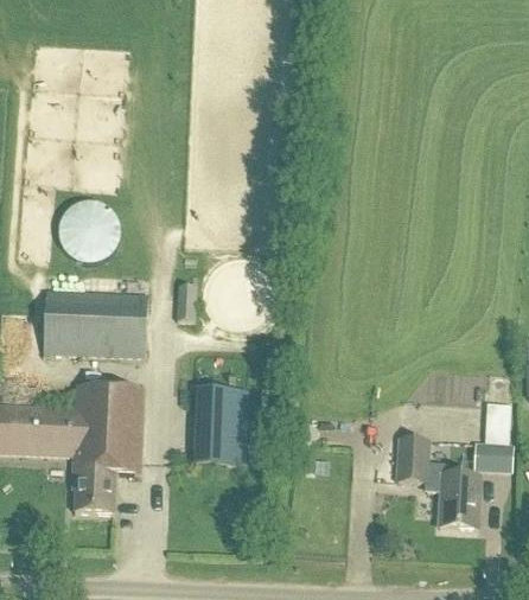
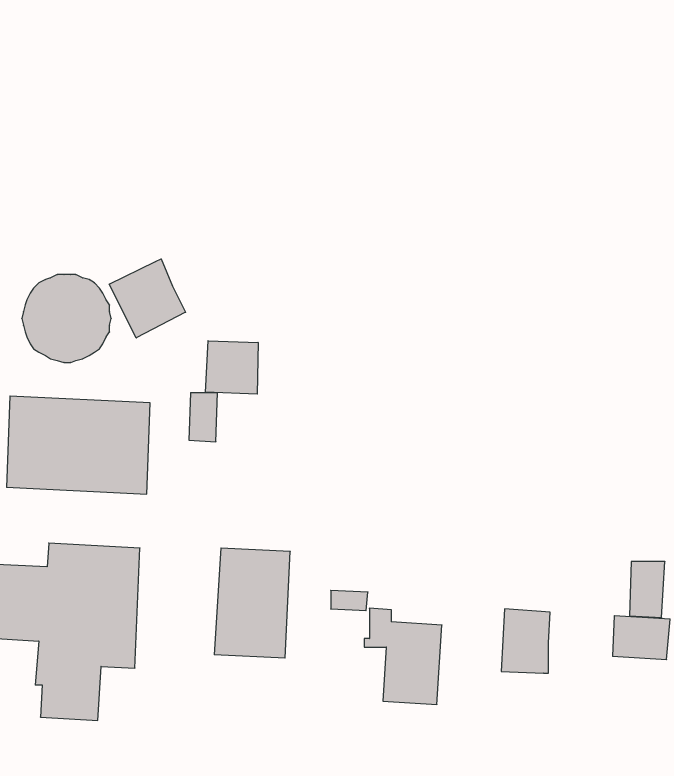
building: none -> [109,259,186,338]
building: none -> [206,341,258,394]
building: [425,459,479,526] -> [364,608,442,704]

